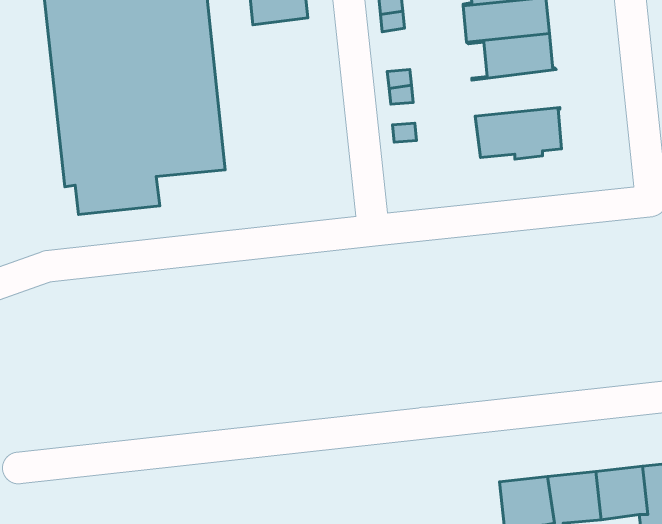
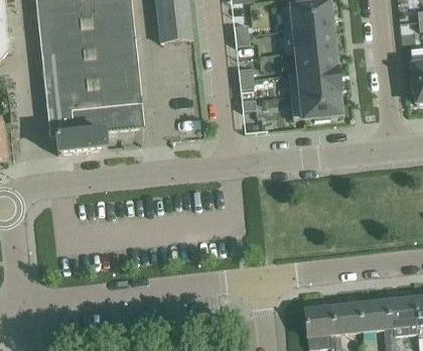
building: none -> [288,68,339,95]

